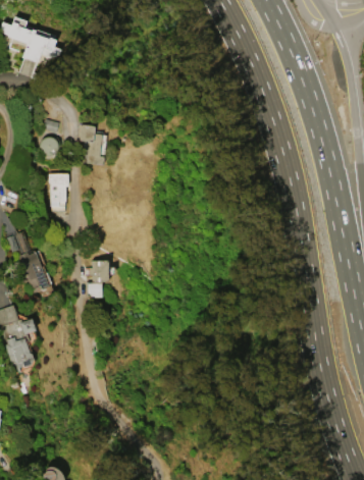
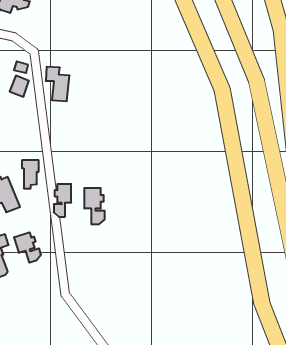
building: [49,173,68,206] -> [22,160,39,188]
building: none -> [84,188,105,224]
building: none -> [14,232,41,263]

